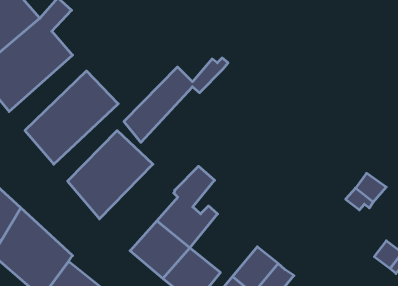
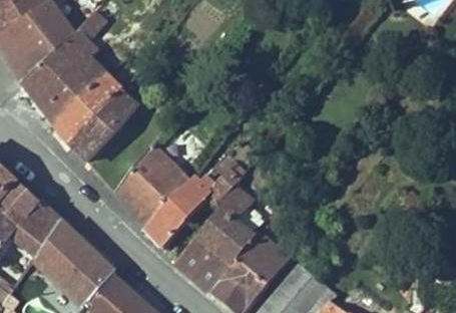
building: none -> [50,66,128,142]
building: [124,58,228,142] -> [141,168,247,253]
building: none -> [233,227,292,286]

